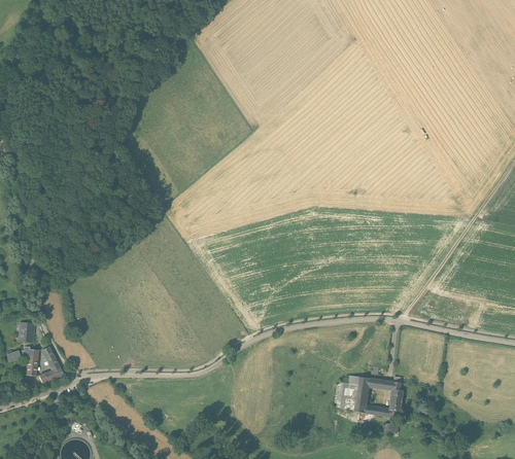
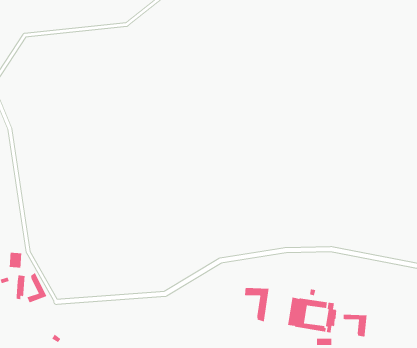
building: none -> [244,287,270,322]
building: none -> [343,314,368,338]

